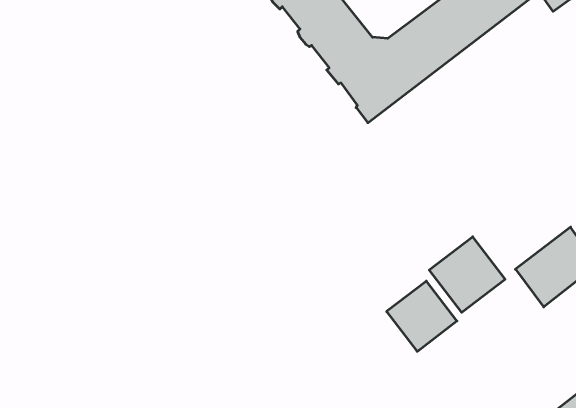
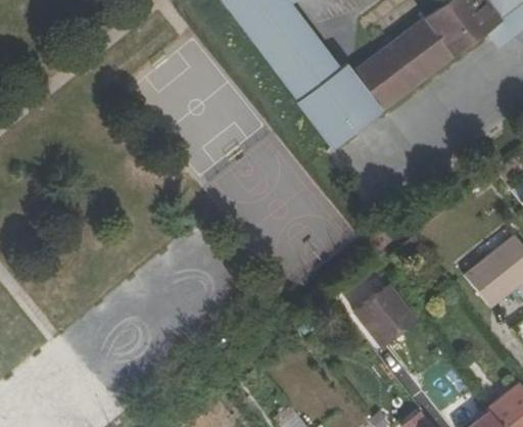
building: [429,237,505,312] -> none

